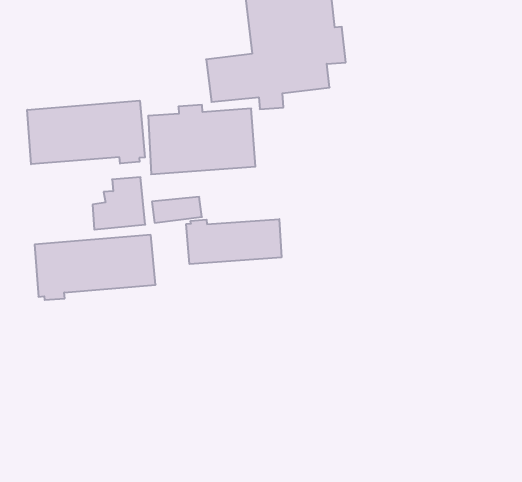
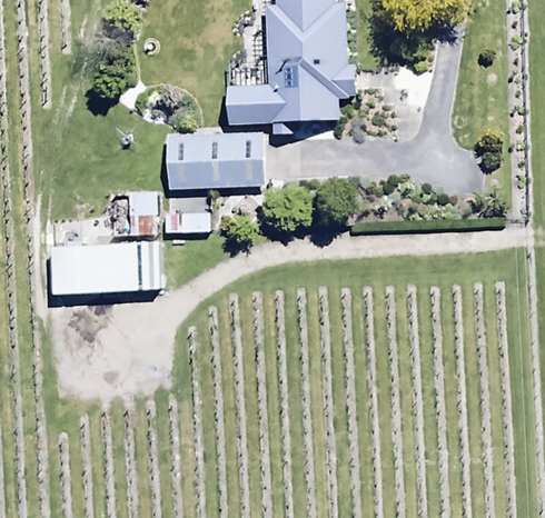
building: [27,101,145,164] -> none
building: [186,219,281,264] -> none

